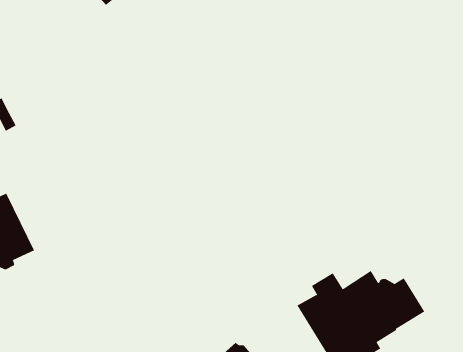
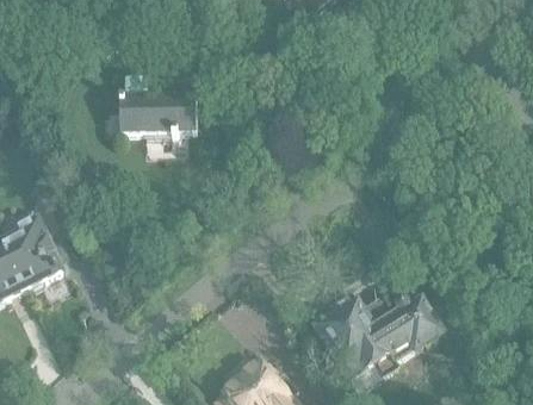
building: none -> [103,77,196,136]

